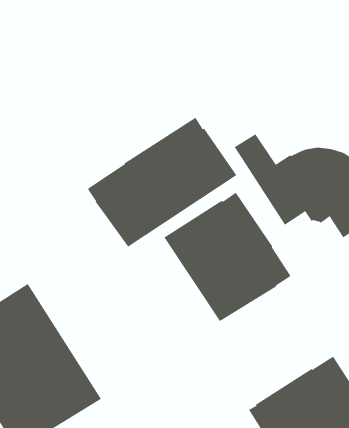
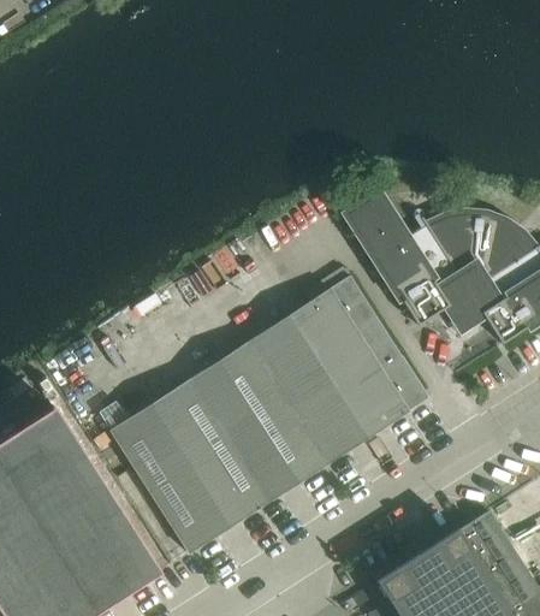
building: [87,117,237,247] -> none
building: none -> [111,343,326,553]

